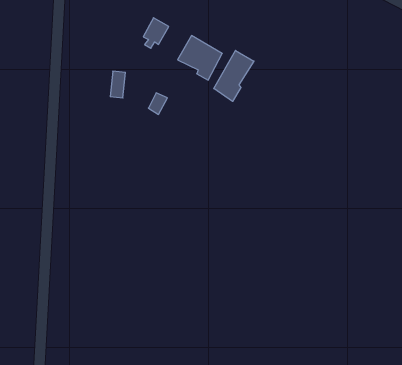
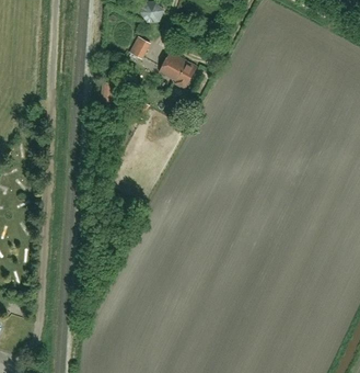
building: [214,50,254,101] -> none

